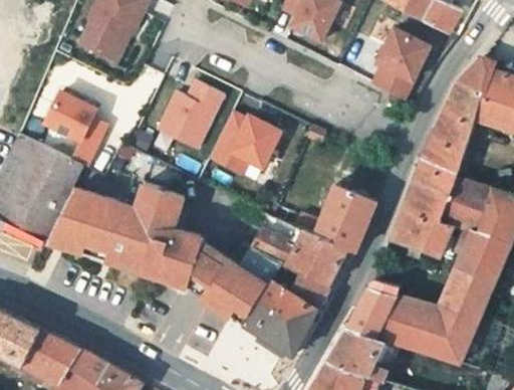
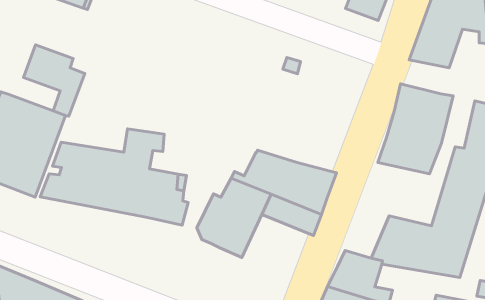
building: [157,80,223,150] -> none
building: [208,115,279,175] -> none
building: [420,142,470,179] -> none
building: [455,182,492,235] -> none
building: [271,187,375,250] -> none
building: [245,281,318,355] -> none
building: [348,285,396,336] -> none

